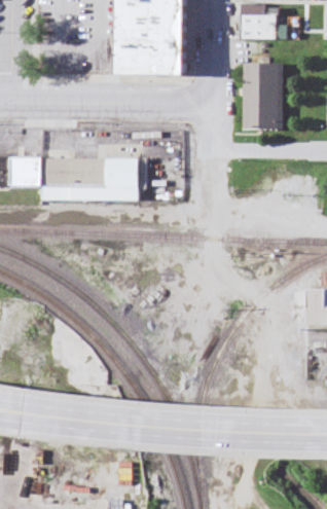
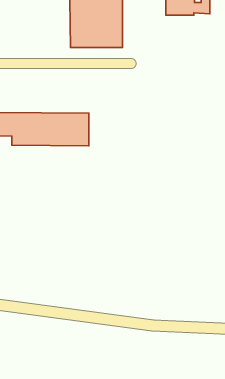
building: [241,58,282,125] -> none

